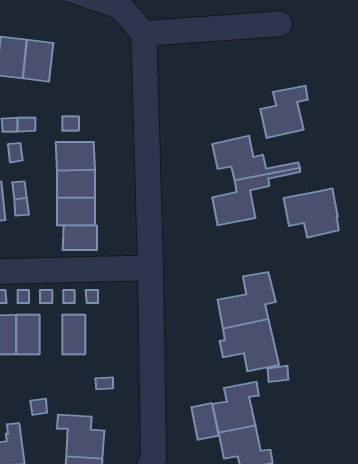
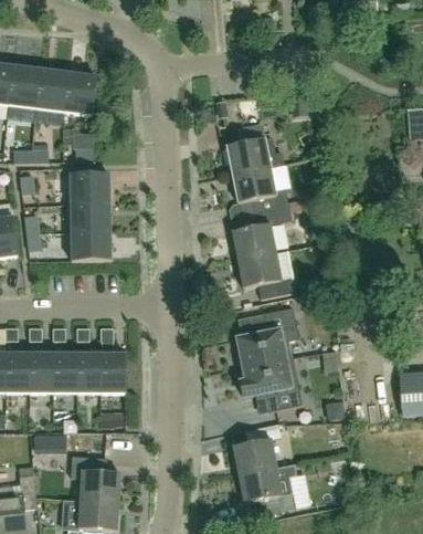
building: none -> [63,71,96,114]
building: [260,86,308,138] -> [225,122,275,176]
building: [284,189,339,238] -> [237,250,295,301]
building: [63,225,97,250] -> none
building: none -> [53,353,76,394]
building: none -> [101,353,125,394]
building: [191,403,218,440] -> none

